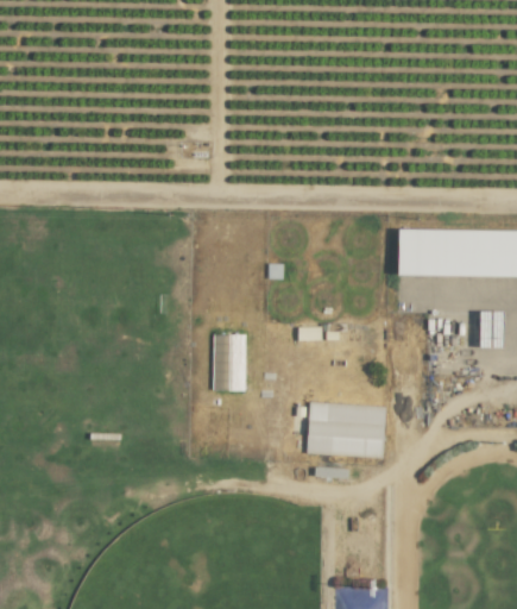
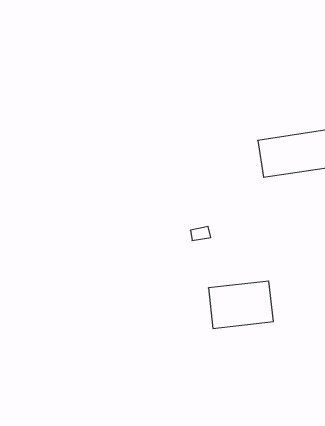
building: [213,334,246,390] -> none

